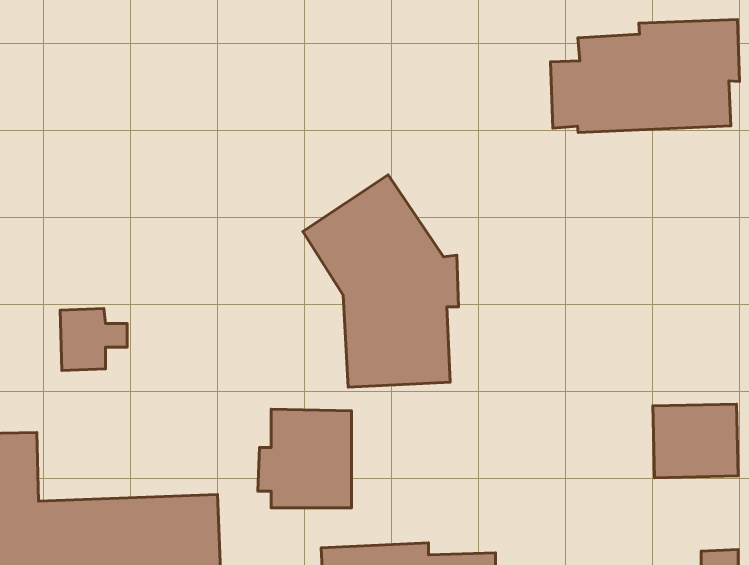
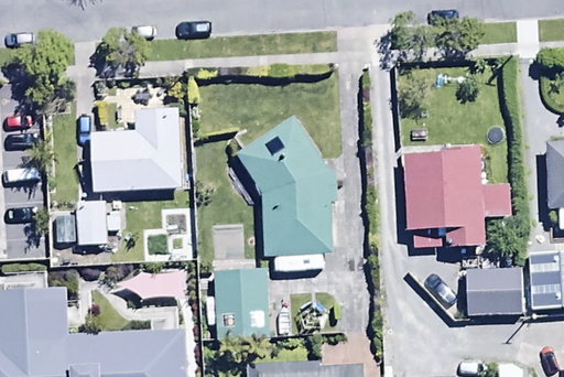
building: [550,20,740,132] -> none
building: none -> [91,108,182,191]
building: none -> [403,144,511,248]

